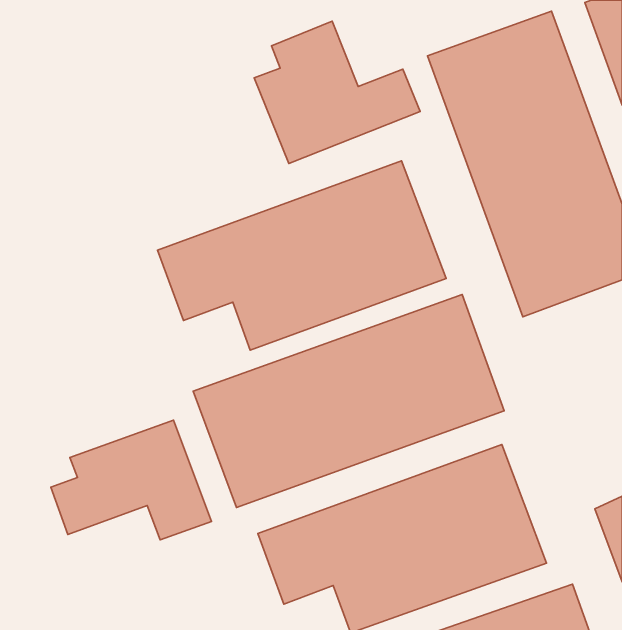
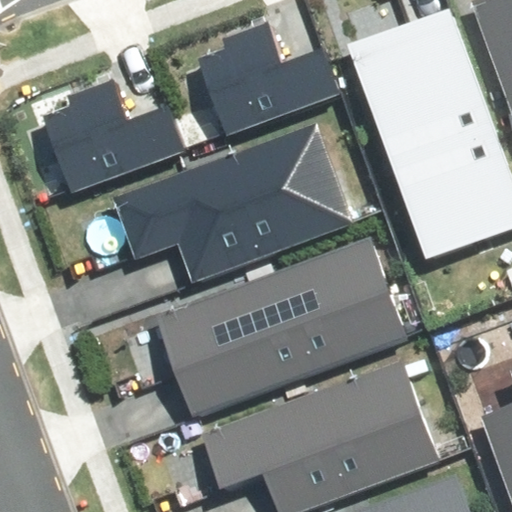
building: none -> [48,73,181,188]
building: [51,420,212,540] -> none

